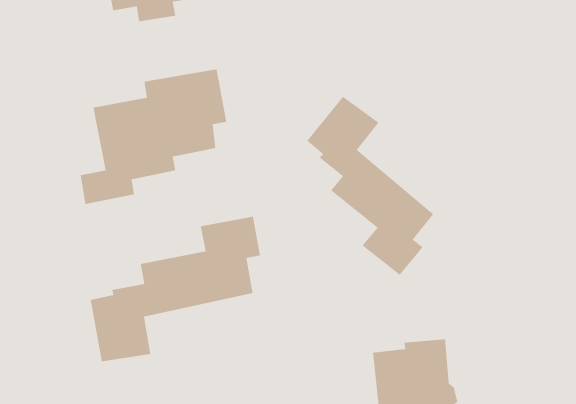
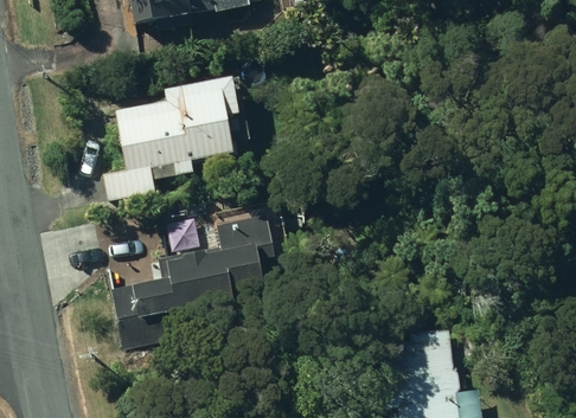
building: [306,96,434,276] -> none

